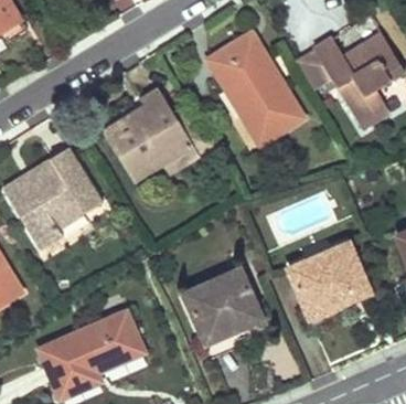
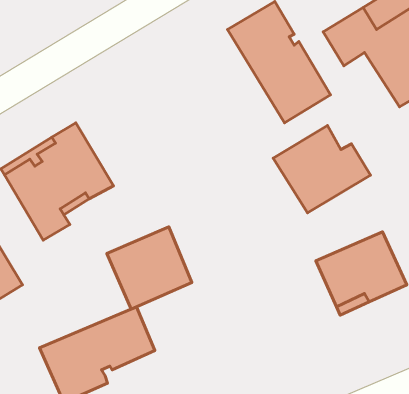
building: [105,89,196,179] -> none
building: none -> [273,125,370,213]
building: [181,269,258,344] -> [107,227,192,309]

